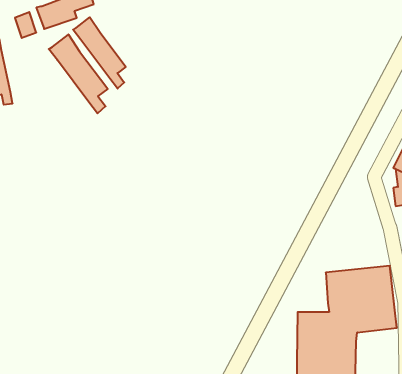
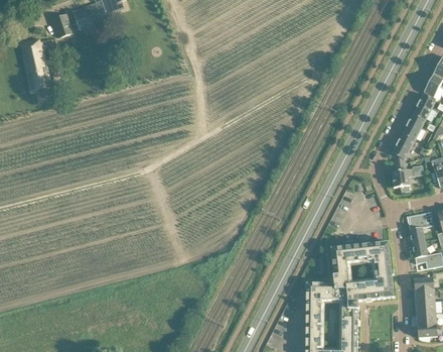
building: [73,17,126,89] -> none
building: [49,34,108,113] -> none

